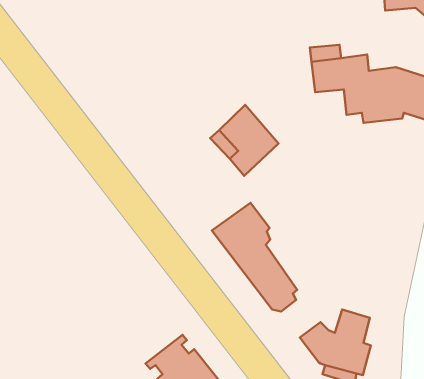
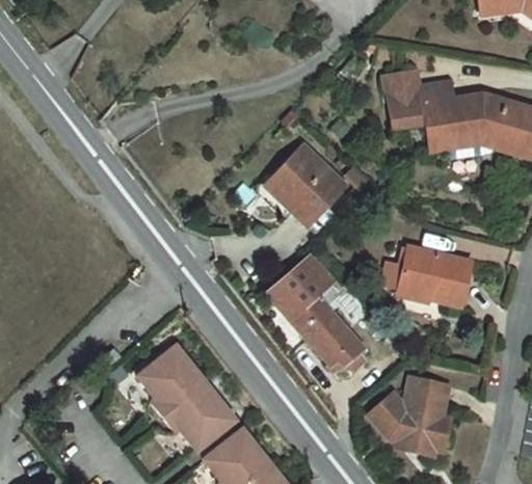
building: none -> [397,245,471,304]
building: none -> [137,341,233,440]

